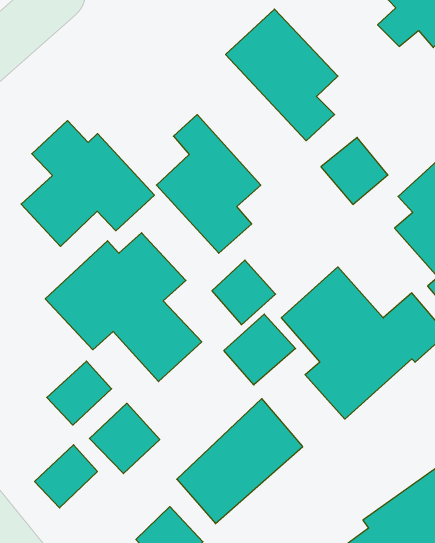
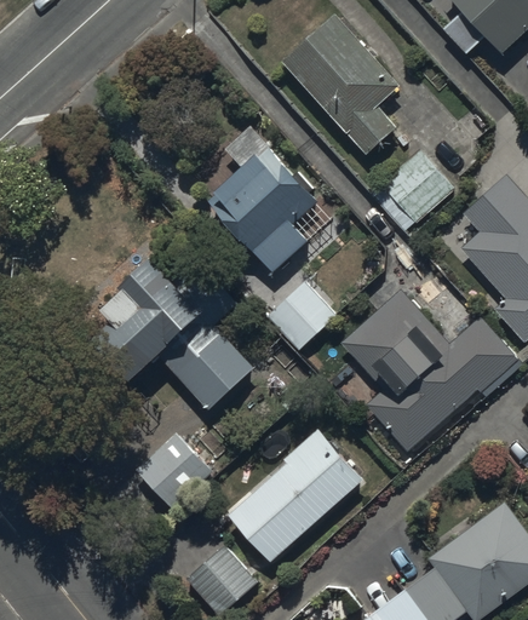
building: [21,121,154,246] -> none
building: [224,314,296,385] -> none
building: [47,361,112,425] -> none
building: [35,445,97,508] -> none

